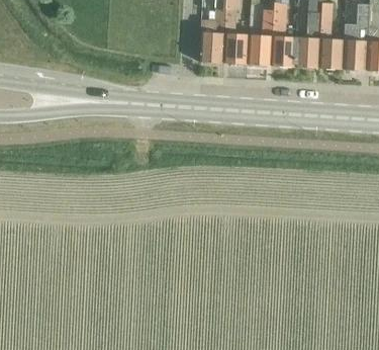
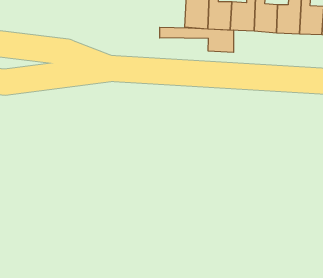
building: none -> [160,27,234,52]

